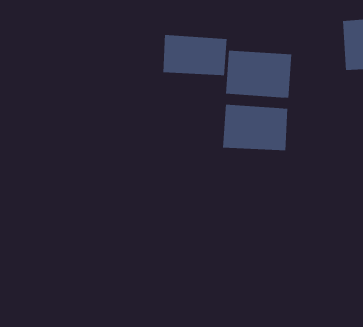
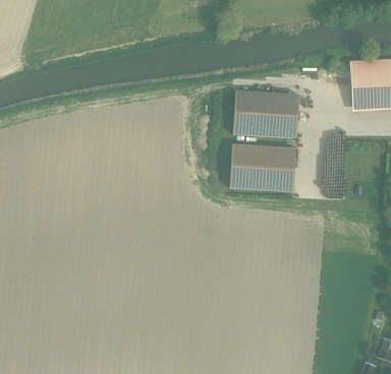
building: [163,34,227,76] -> none

